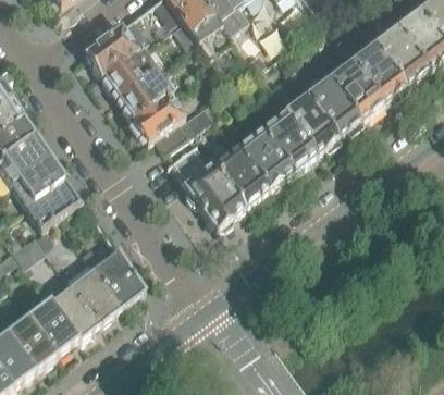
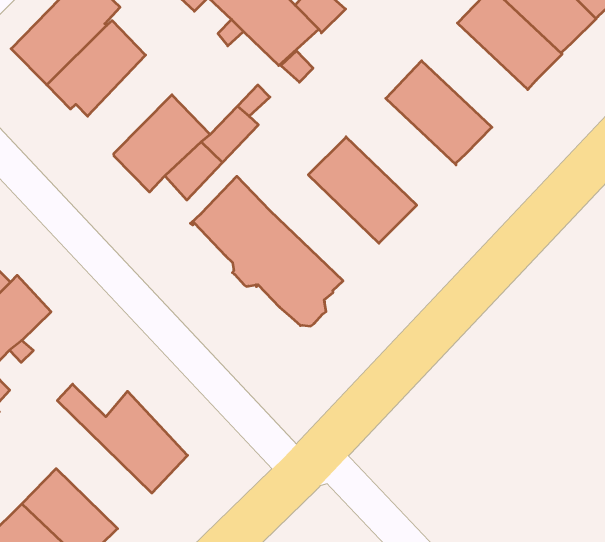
building: [119,65,171,116] -> none
building: [306,75,361,135] -> none
building: [258,110,316,171] -> none
building: [210,145,267,206] -> none
building: [71,246,121,321] -> none

